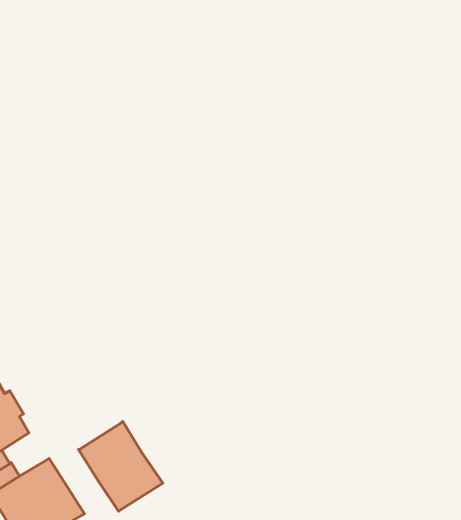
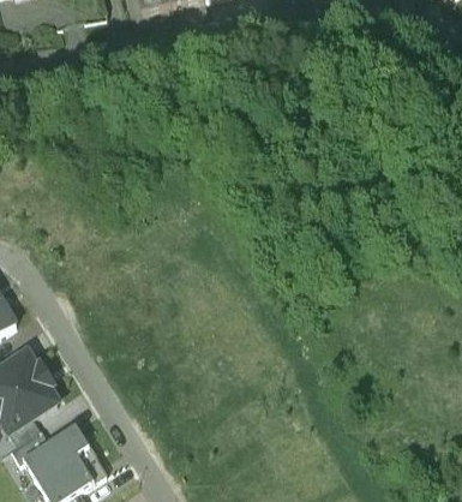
building: [78,421,163,511] -> none

